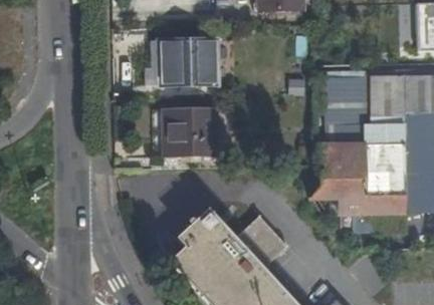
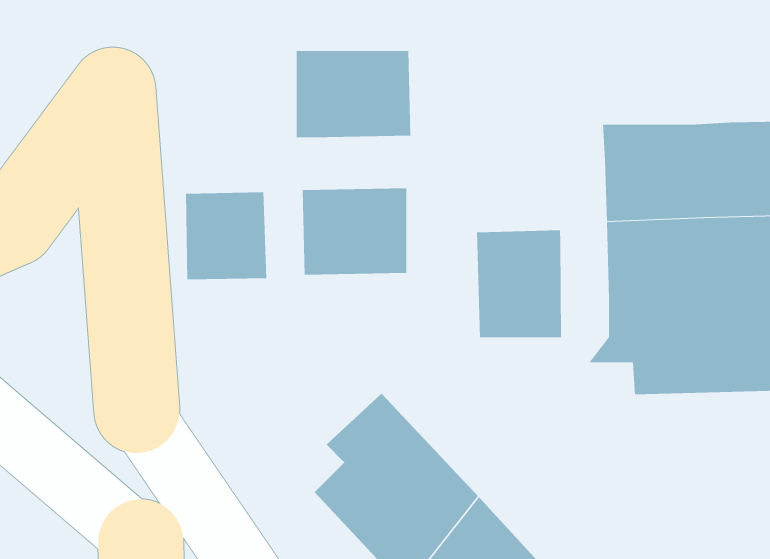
building: none -> [186,192,267,280]
building: none -> [477,230,561,338]

